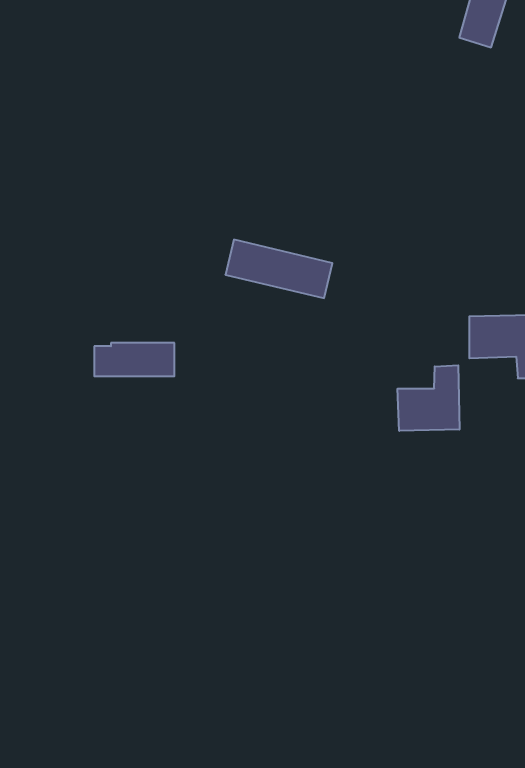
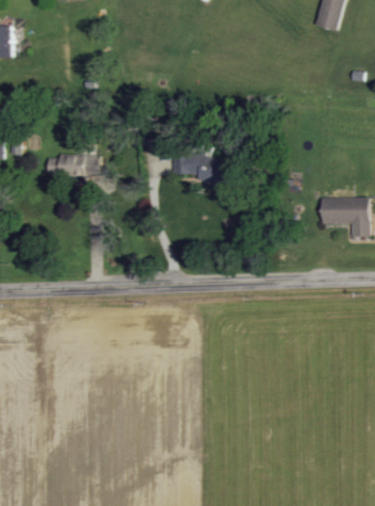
building: [94,343,174,376] -> [48,155,98,176]
building: [398,365,459,431] -> none

